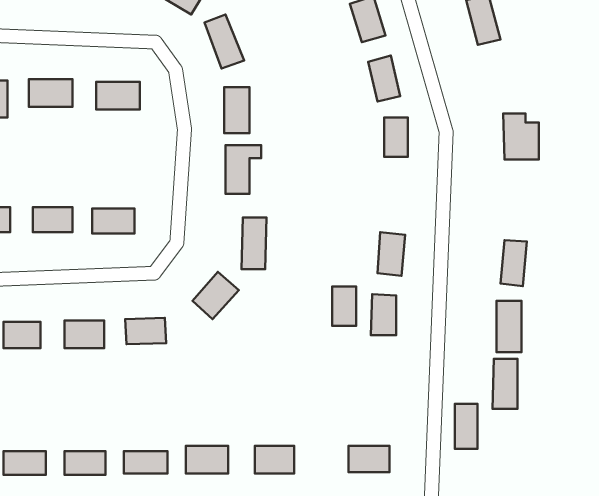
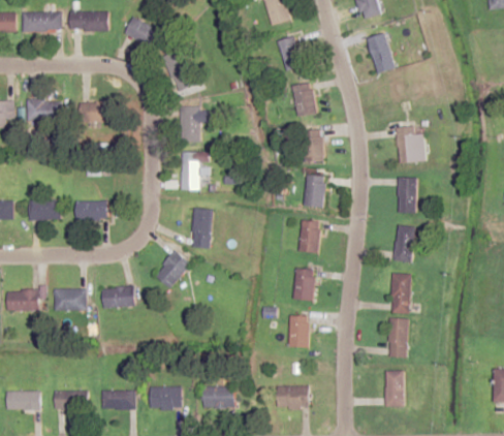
building: none -> [305,174,324,207]
building: none -> [398,177,416,212]
building: [332,286,356,326] -> [289,316,308,347]
building: [455,404,477,449] -> [385,371,403,406]

